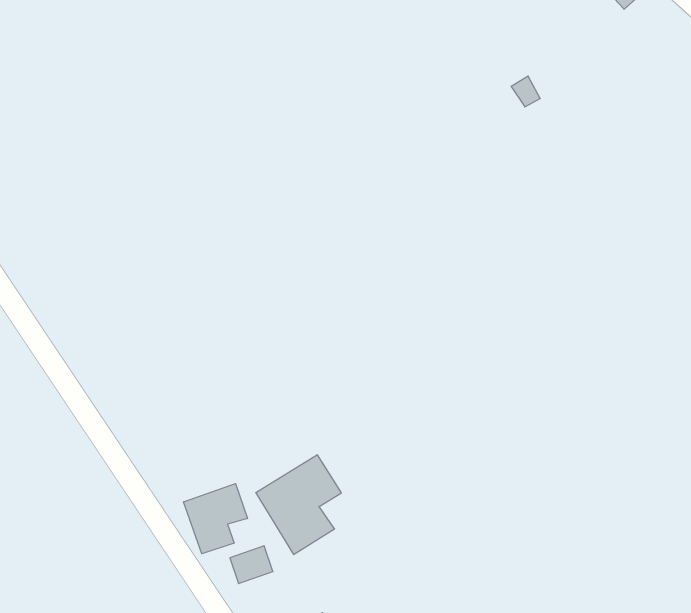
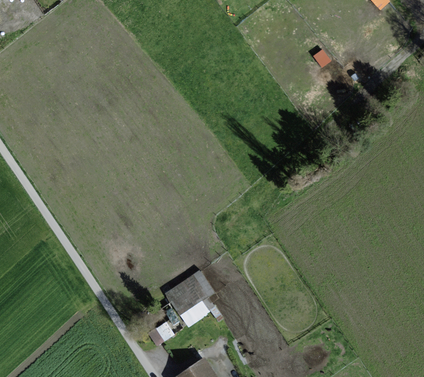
building: [184,484,247,554] -> none

